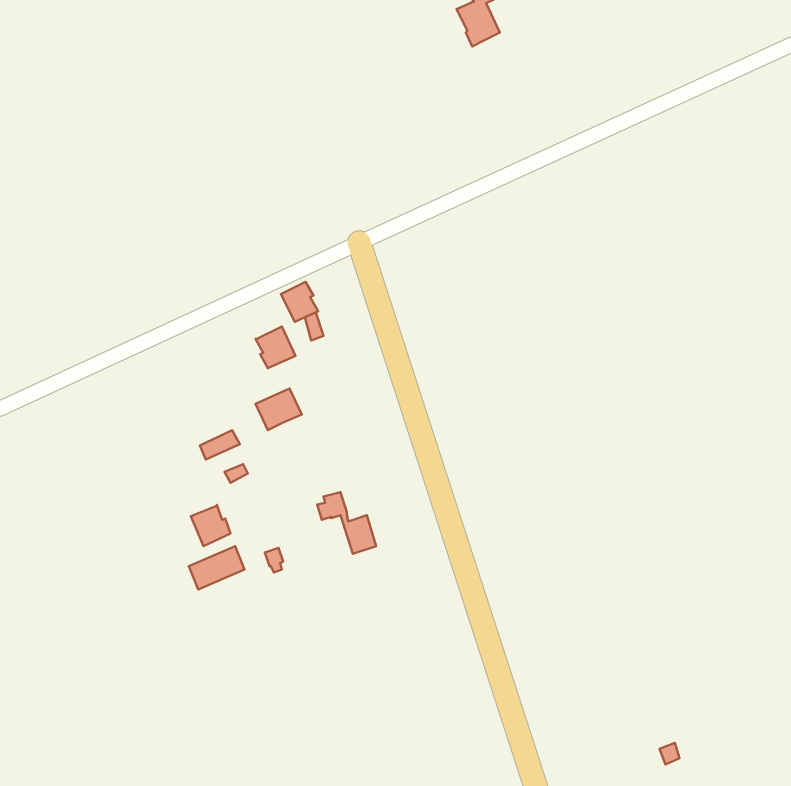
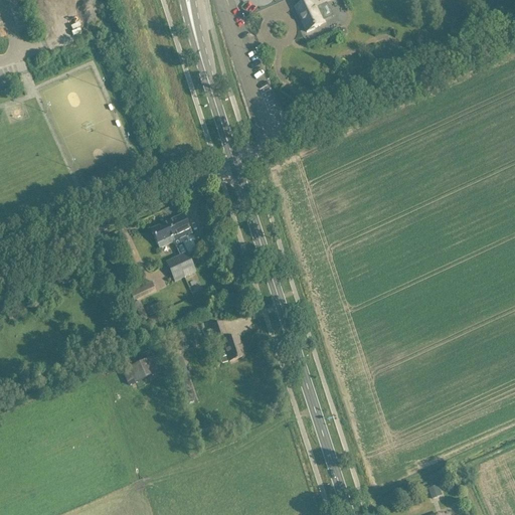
building: [281,282,318,322] -> [150,220,174,246]
building: [191,505,231,546] -> none

